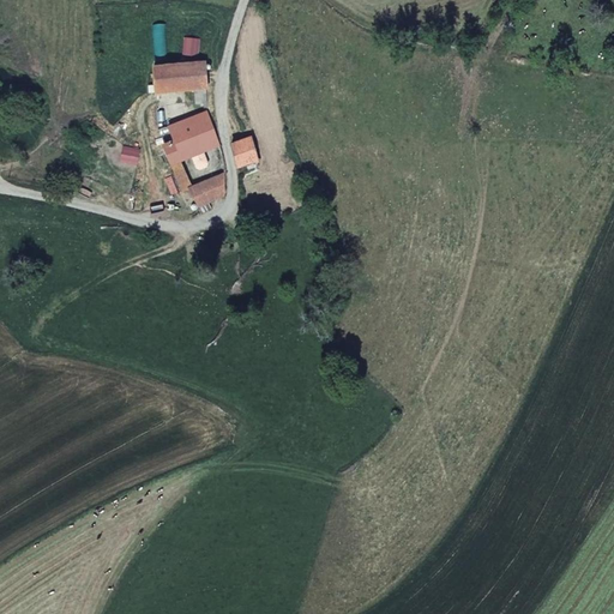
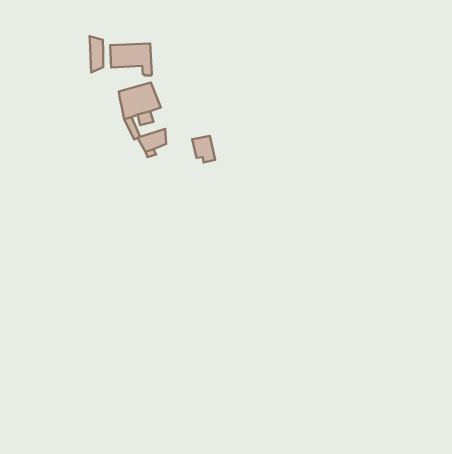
building: none -> [90,36,103,73]
building: [229,134,260,170] -> [192,136,215,162]

